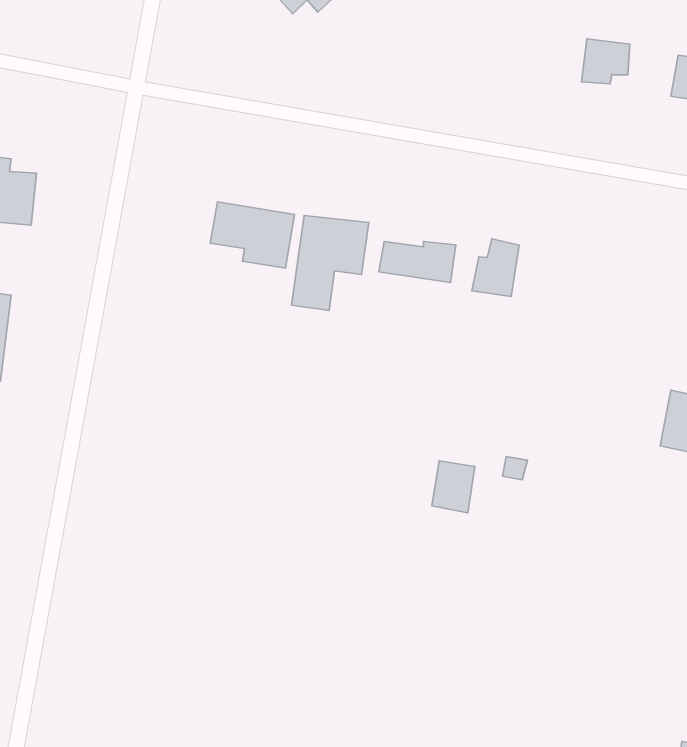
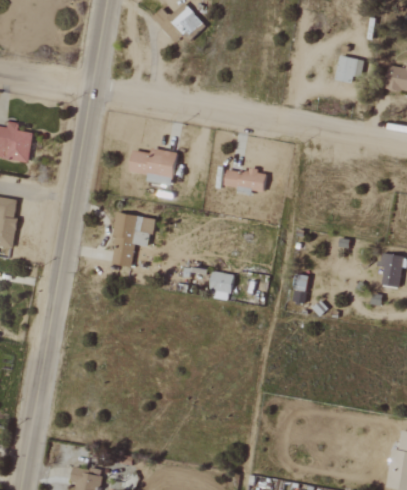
building: [292,215,369,310] -> [111,213,154,266]
building: [472,239,519,297] -> none
building: [432,461,475,513] -> [210,271,234,300]

